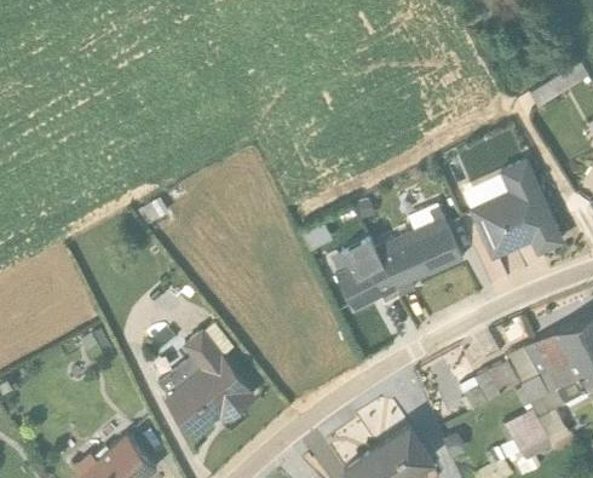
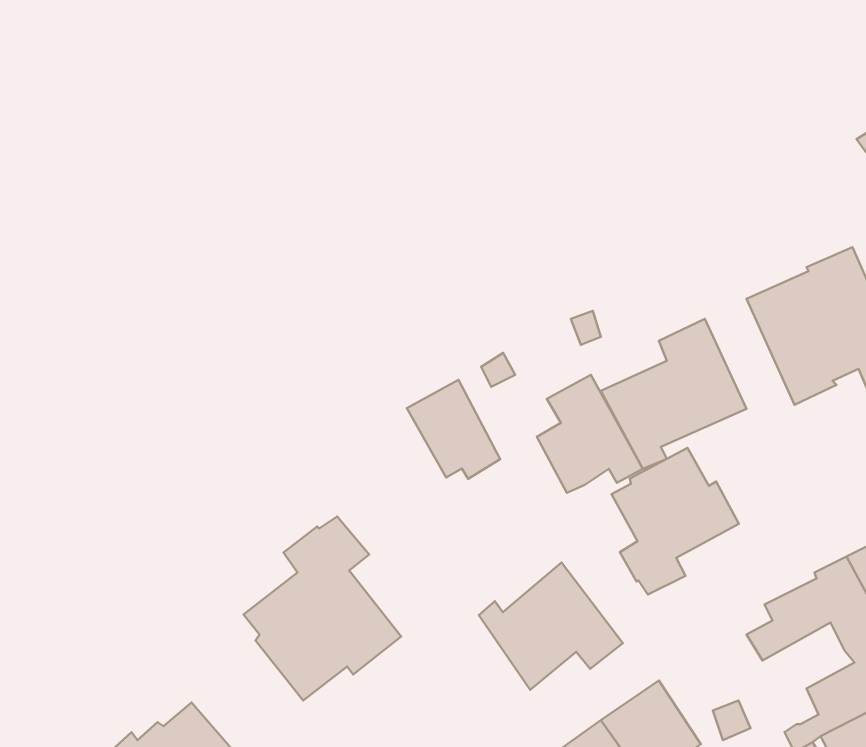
building: none -> [407,380,500,479]
building: none -> [612,448,739,595]
building: none -> [479,562,623,690]

